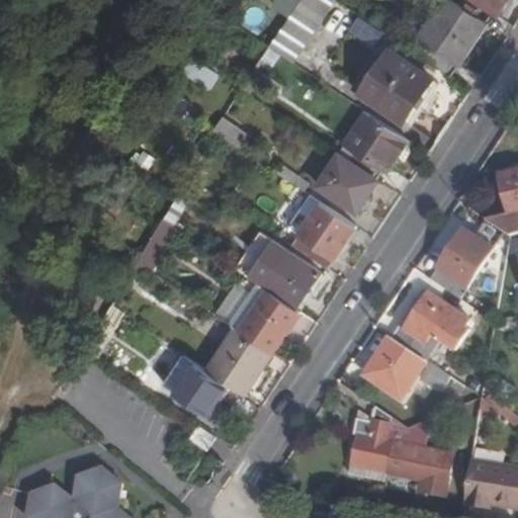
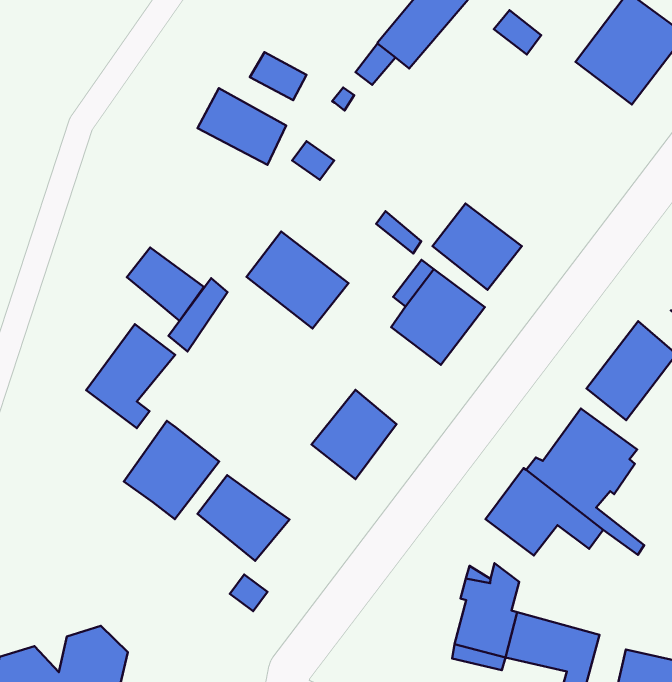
building: [354,53,436,125] -> none
building: none -> [198,88,286,165]
building: [336,111,406,181] -> none
building: none -> [127,247,204,321]
building: [247,239,319,306] -> [247,231,349,329]
building: none -> [86,324,175,428]
building: [205,326,271,395] -> [124,421,219,519]

